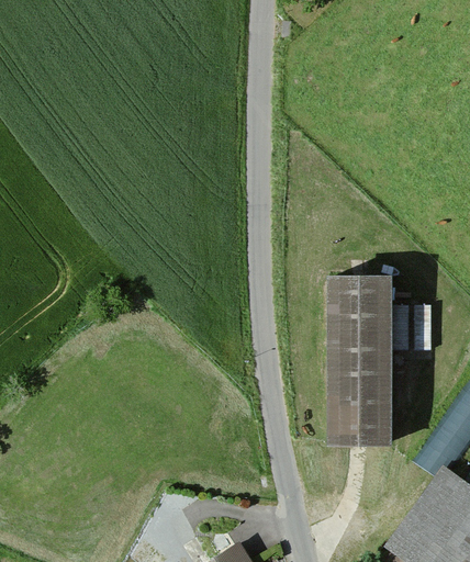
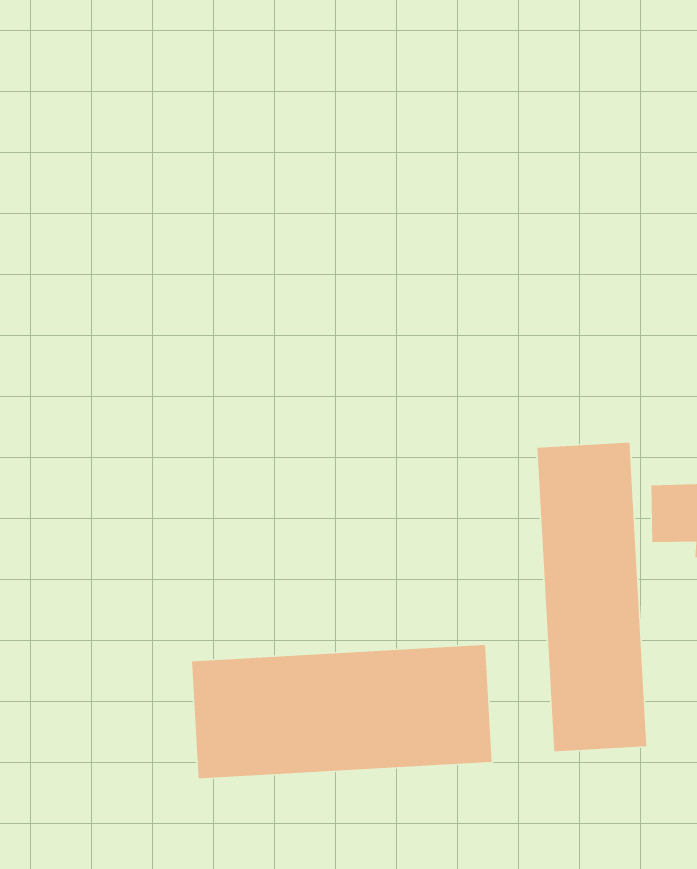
building: none -> [191,644,492,779]

